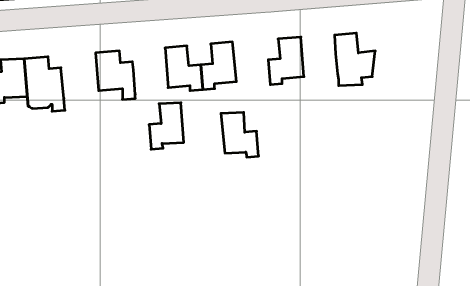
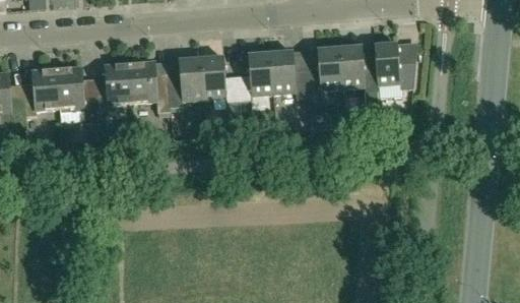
building: none -> [340,44,379,90]
building: none -> [94,62,133,109]
building: [149,103,184,149] -> [169,57,204,105]
building: [221,112,259,157] -> [270,50,309,96]

